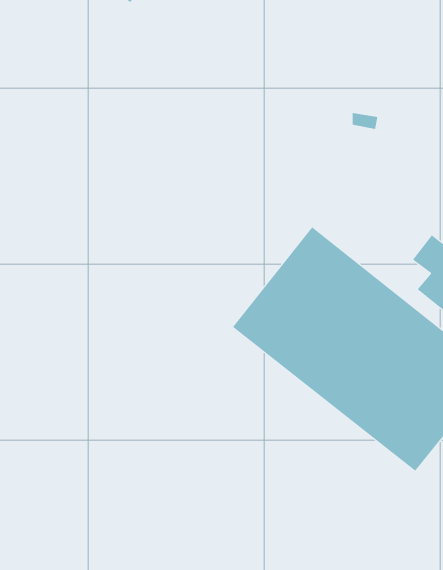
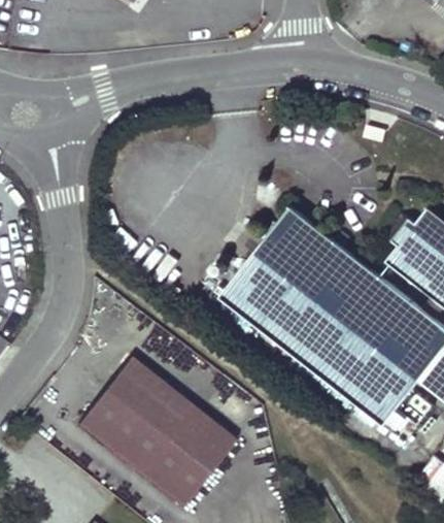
building: none -> [76,354,238,509]

